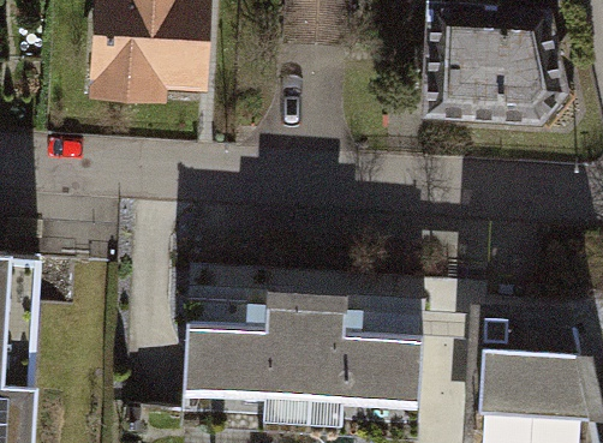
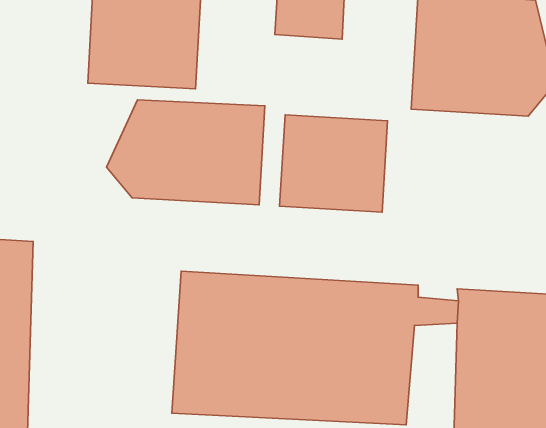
building: none -> [106,100,265,205]
building: none -> [280,115,388,212]

